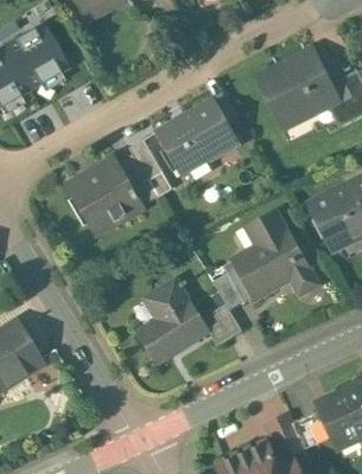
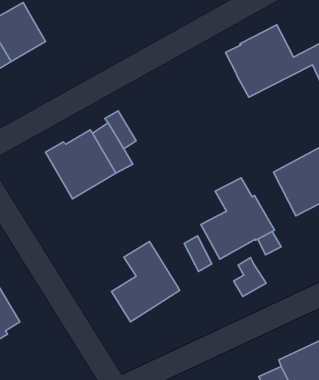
building: [155,98,240,175] -> none
building: [208,303,242,345] -> [234,257,266,296]

